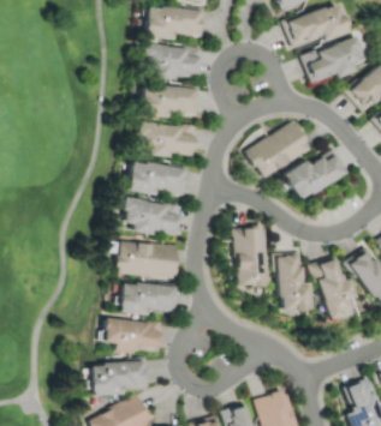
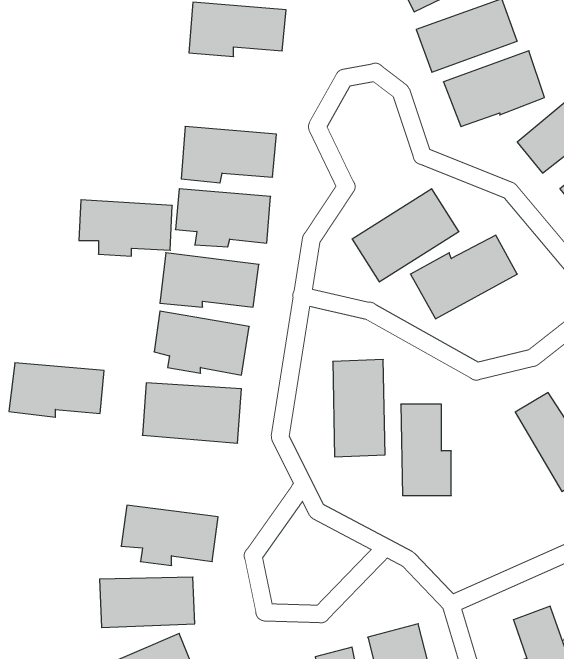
building: [144,44,202,79] -> [79,200,172,256]
building: [311,257,353,320] -> none
building: [119,282,178,316] -> [9,363,104,417]

